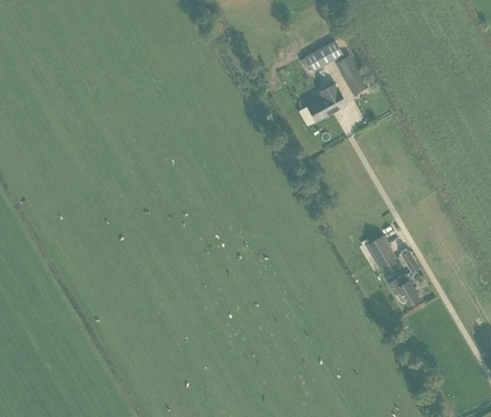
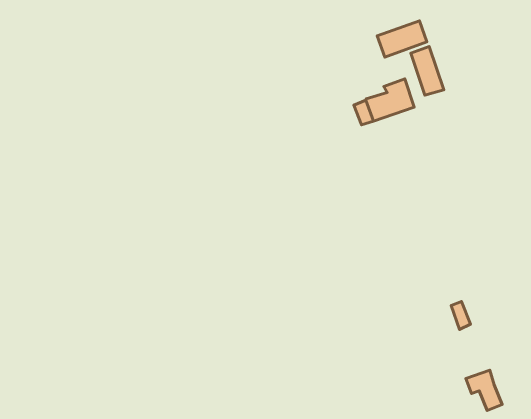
building: [364,235,395,268] -> none
building: [388,273,419,305] -> [466,370,502,410]

